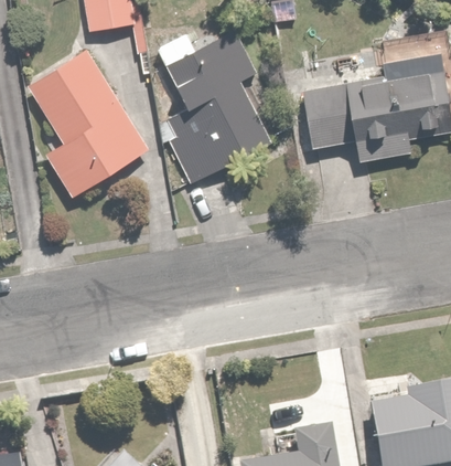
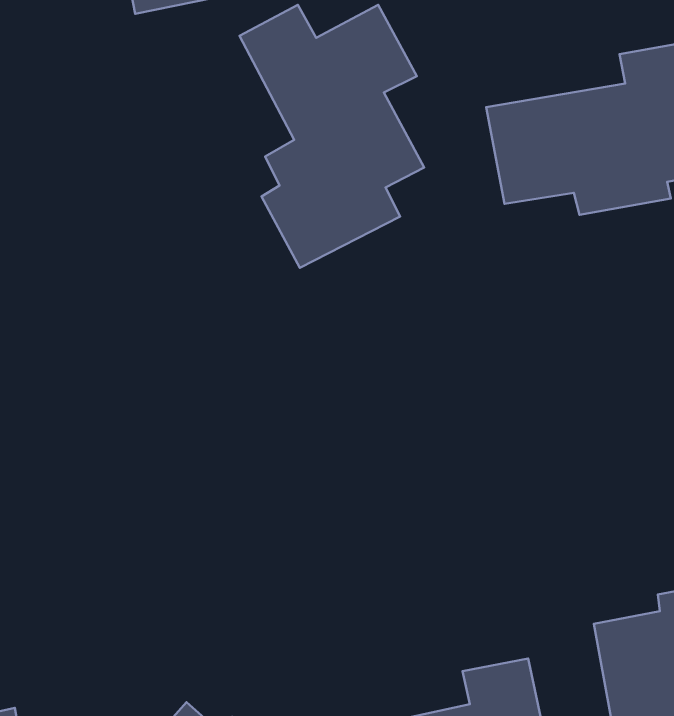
building: [29,49,151,198] -> none

